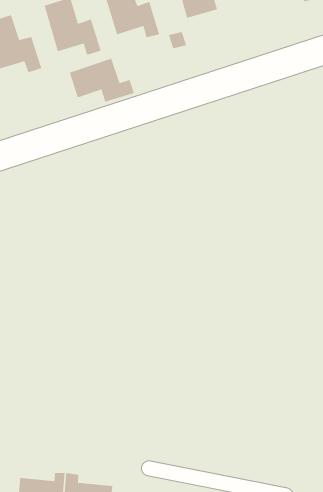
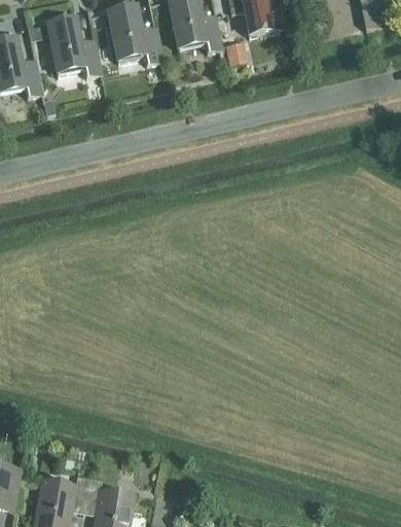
building: [69,58,135,103] -> none

